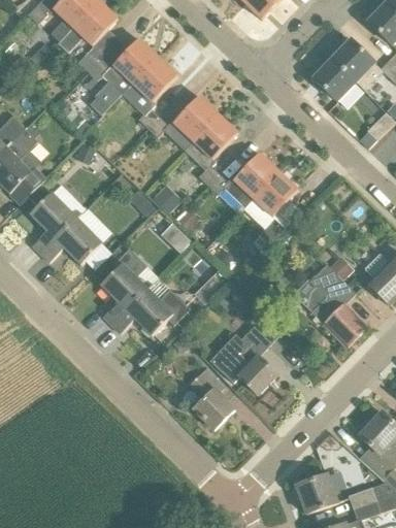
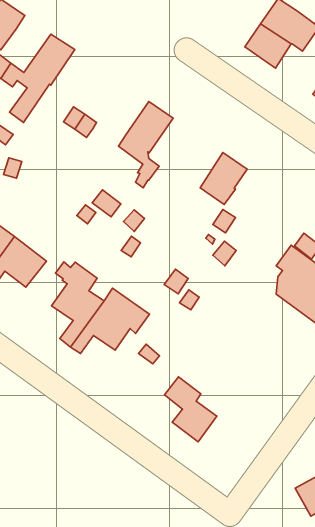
building: [131,56,176,103] -> none
building: [172,95,218,140] -> none
building: [206,153,277,206] -> none
building: [209,326,277,394] -> none

